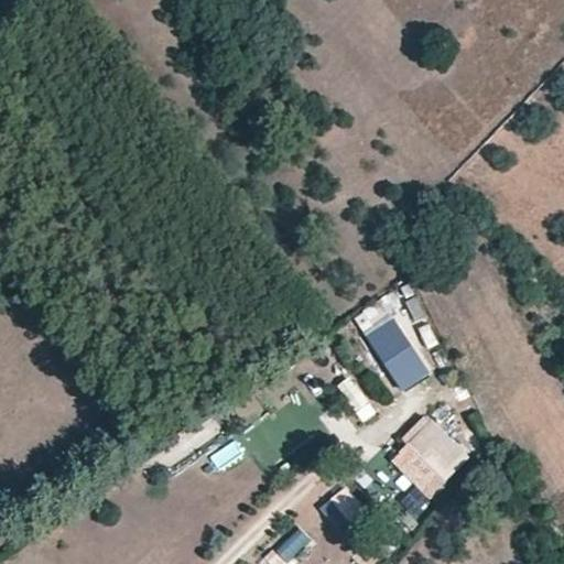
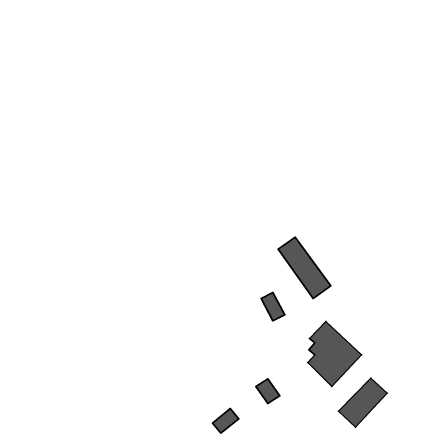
building: none -> [339,378,387,427]

